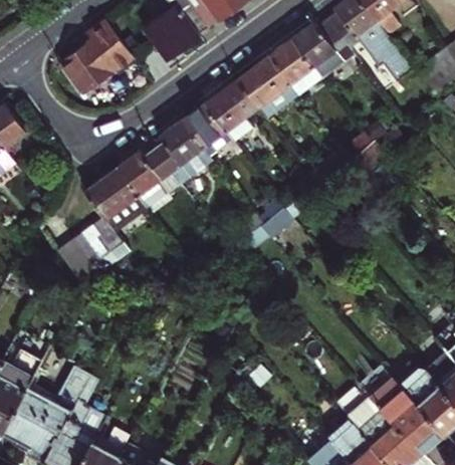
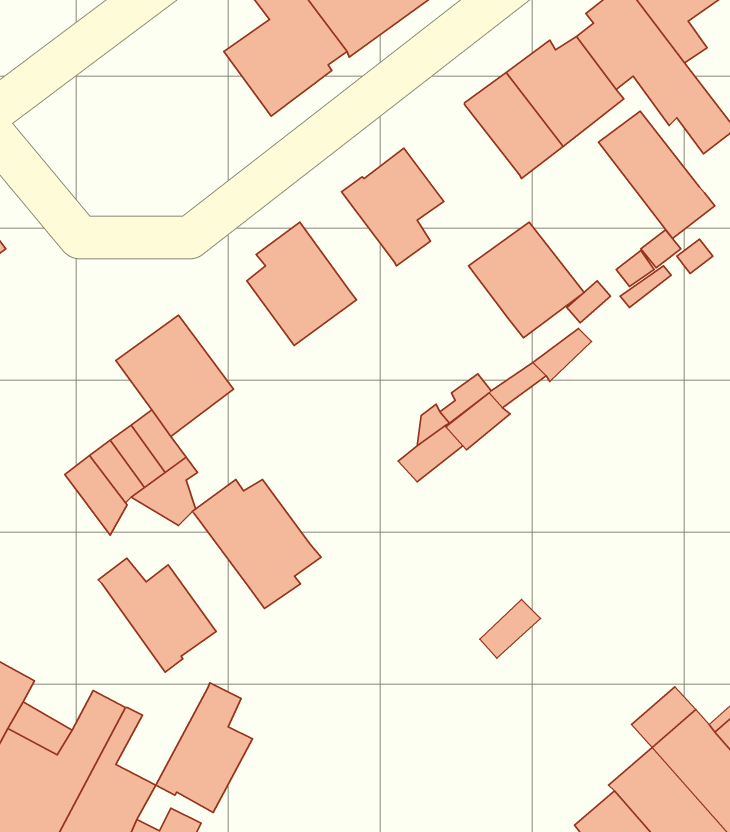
building: [58,21,133,95] -> none
building: [237,56,298,118] -> [469,222,584,338]
building: none -> [598,111,715,239]
building: [182,102,232,156] -> none
building: [117,150,185,218] -> [192,479,321,608]
building: none -> [98,558,216,672]
building: none -> [156,683,252,812]

